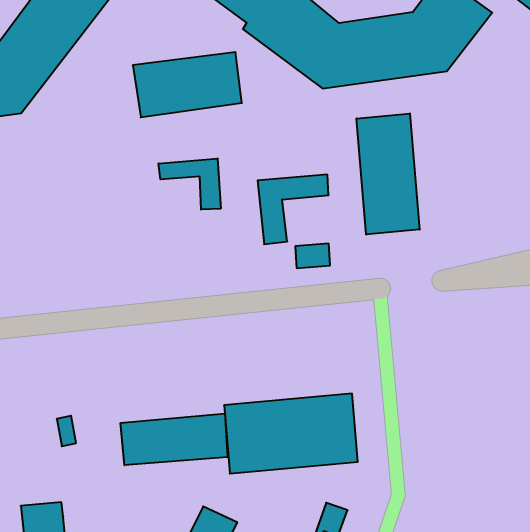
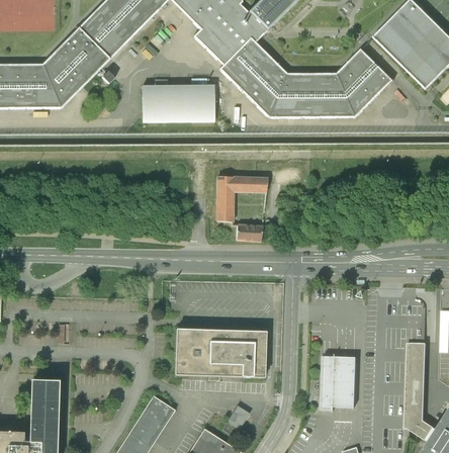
building: [357,113,420,235] -> none
building: [159,158,221,210] -> none
building: [121,413,227,465] -> none
building: none -> [324,356,356,405]

